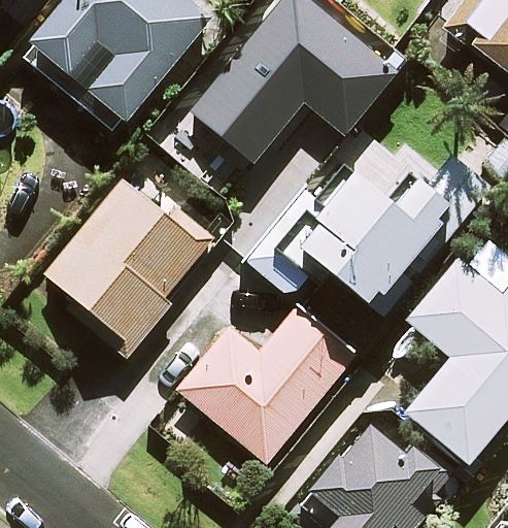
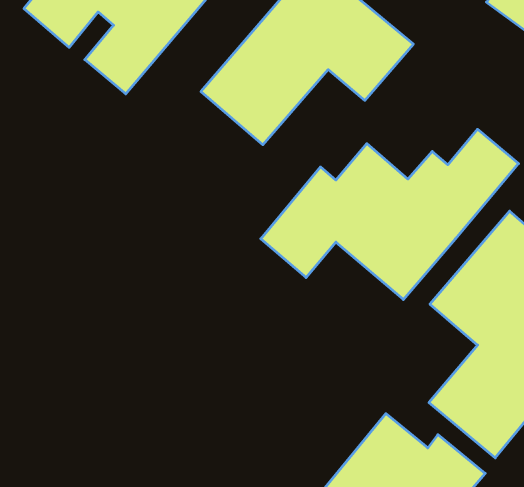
building: [43,179,207,344] -> none
building: [178,310,351,462] -> none

